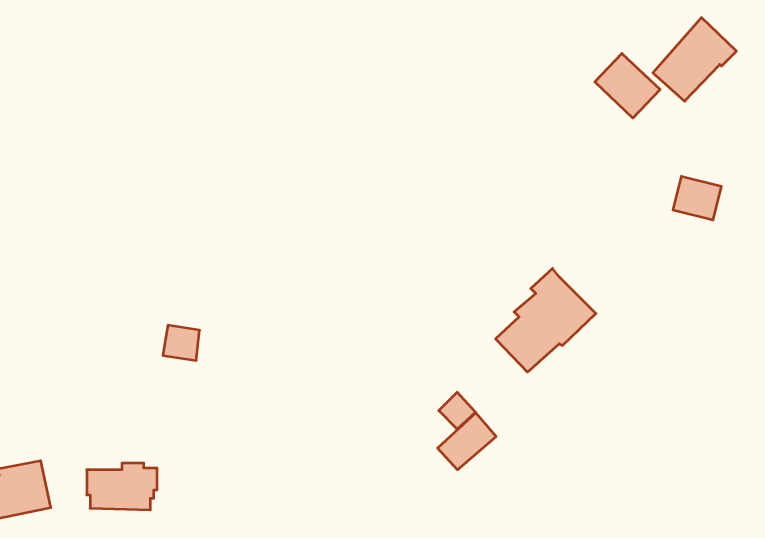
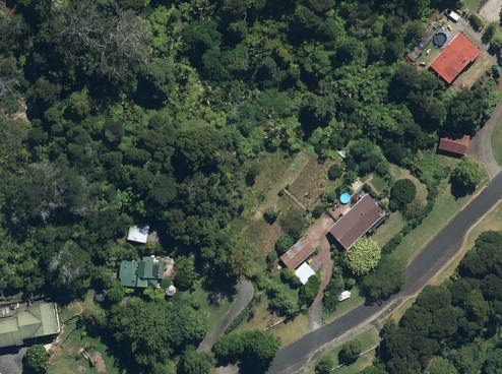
building: [595,53,660,118] -> none
building: [438,413,496,470] -> [280,235,316,269]
building: [87,463,157,510] -> [120,256,163,285]

